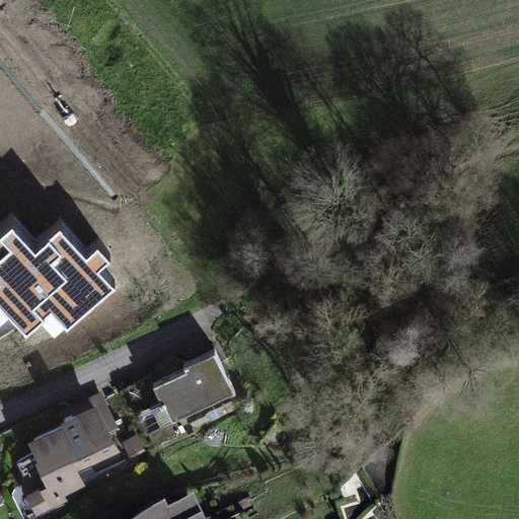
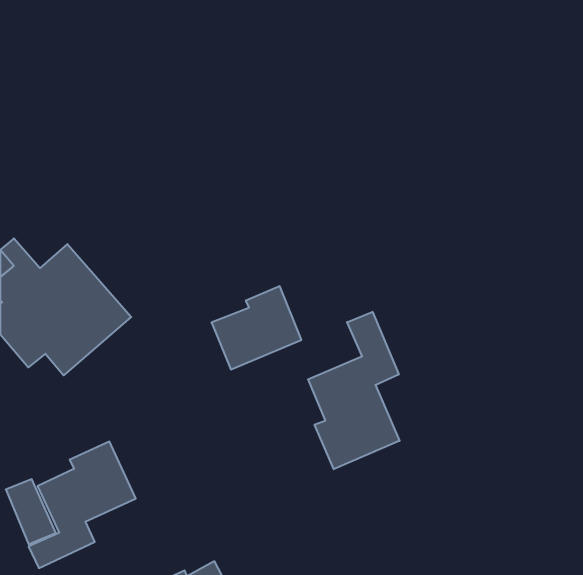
building: none -> [308,312,400,469]
building: [155,352,235,426] -> [211,286,301,369]

